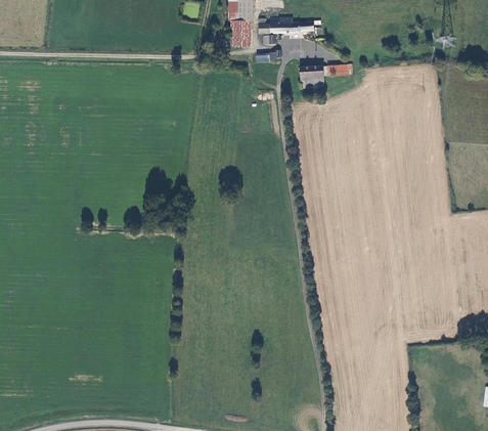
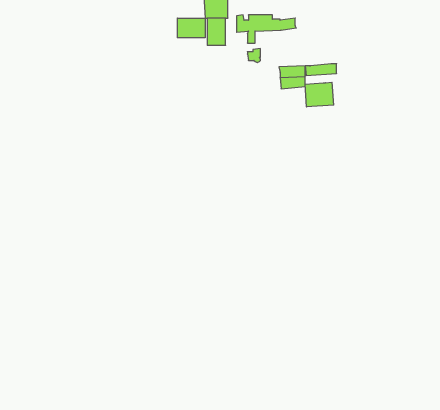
building: none -> [177,18,205,38]
building: none -> [305,82,334,107]

